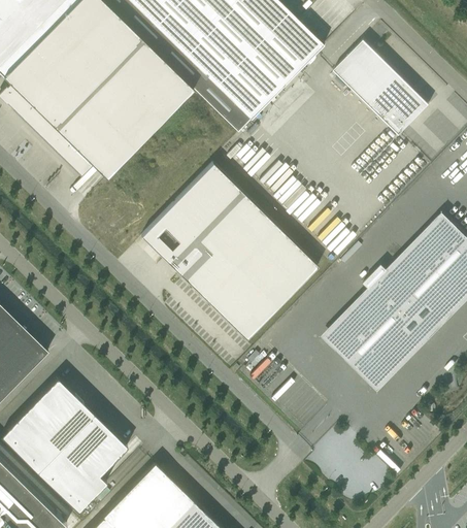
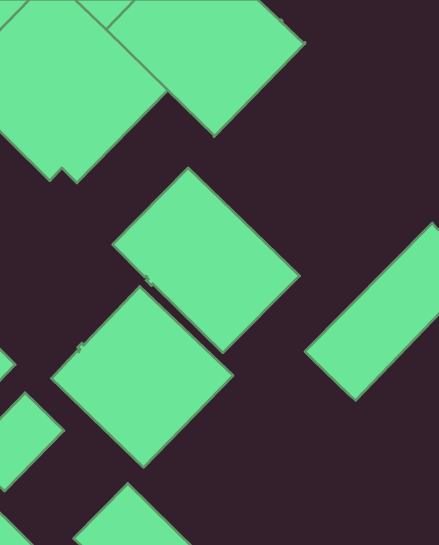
building: [334,40,429,135] -> none
building: none -> [51,286,233,467]
building: [37,414,127,512] -> none

